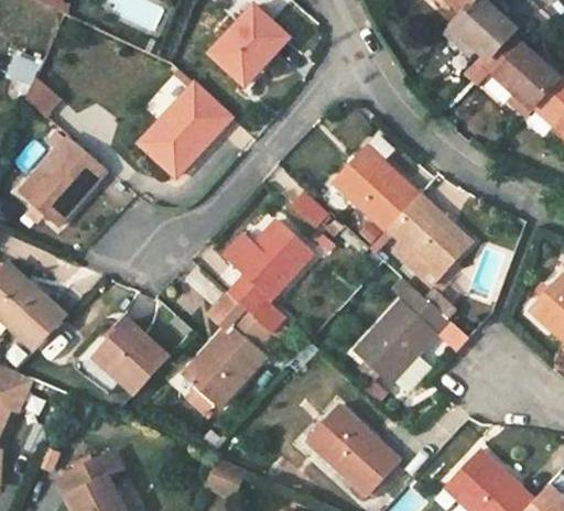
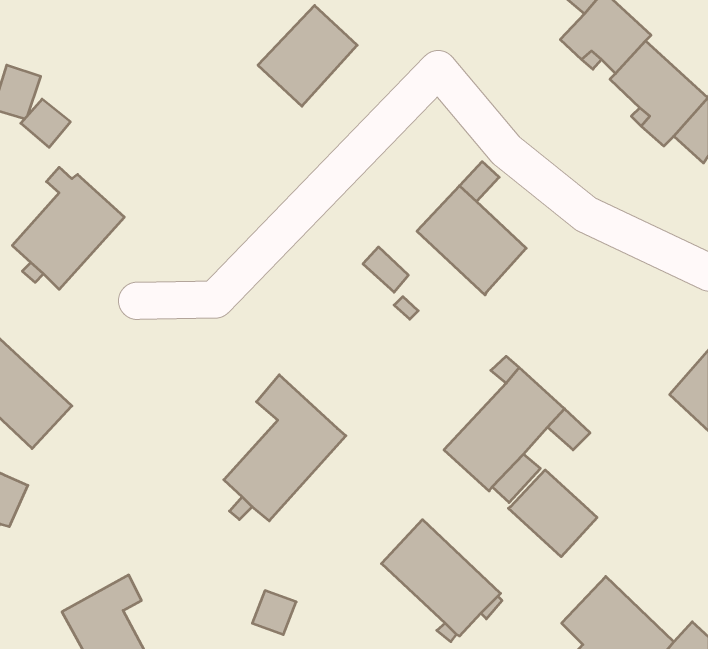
building: [139,85,230,177] -> none
building: [388,193,471,286] -> none
building: [224,220,313,335] -> none
building: [96,322,169,393] -> none
building: none -> [508,470,597,557]

